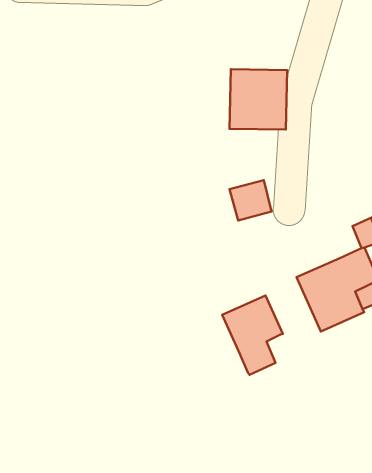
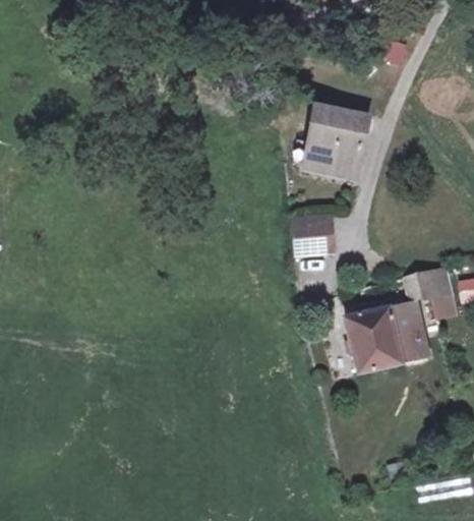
building: [222,295,283,375] -> none

